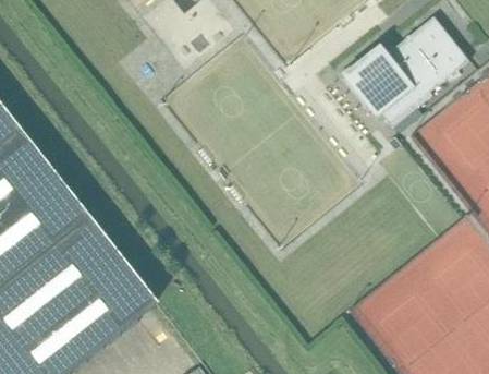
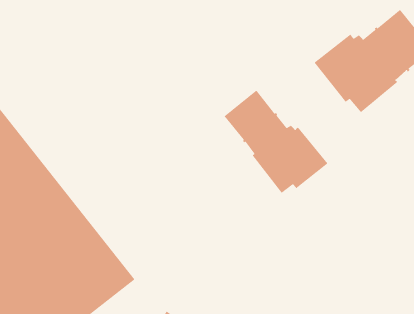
building: none -> [223,90,328,194]

